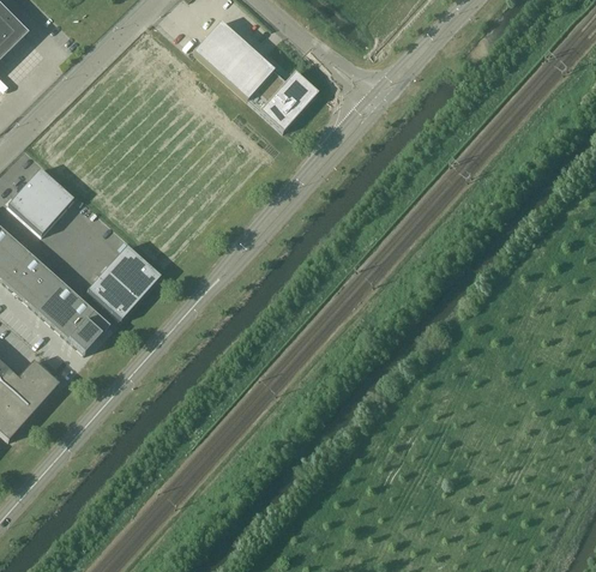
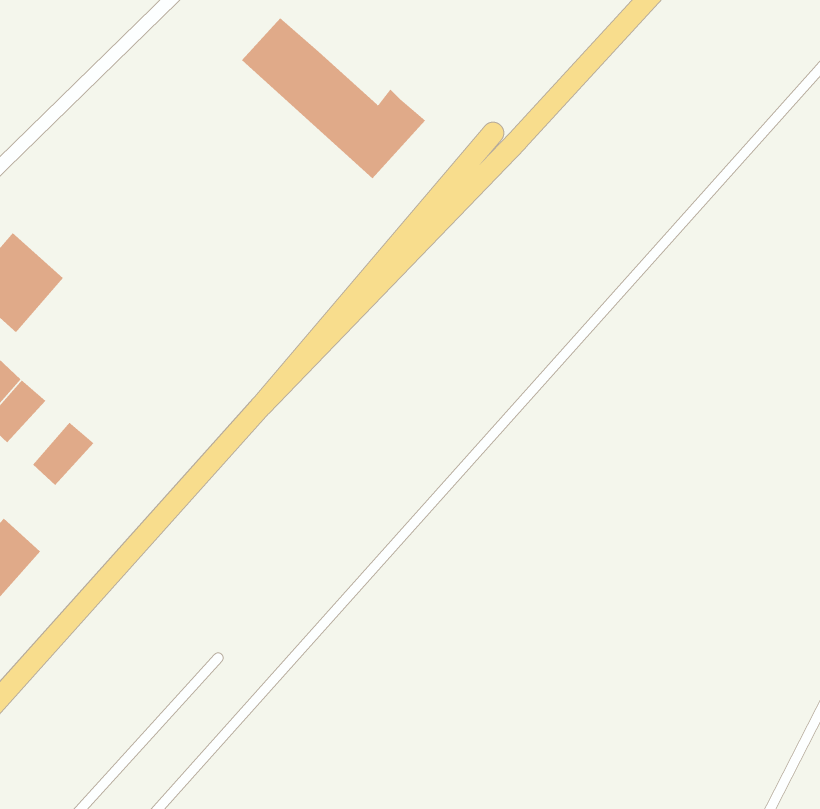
building: [86,245,159,319] -> none
building: [35,281,77,324] -> none
building: [67,309,109,353] -> none

